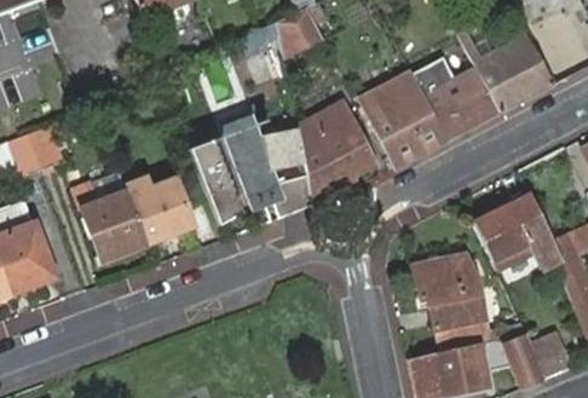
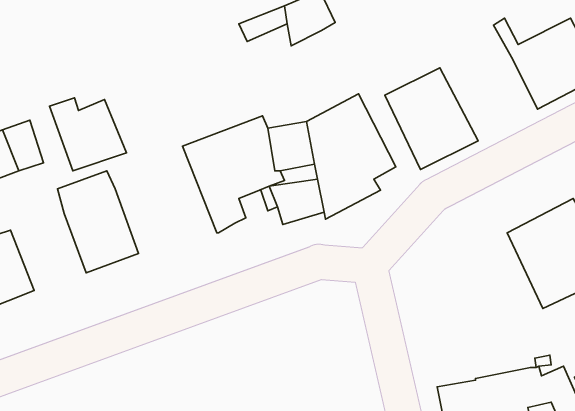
building: [410,57,498,142] -> none
building: [127,177,195,241] -> [50,98,127,171]
building: [415,256,492,351] -> none

